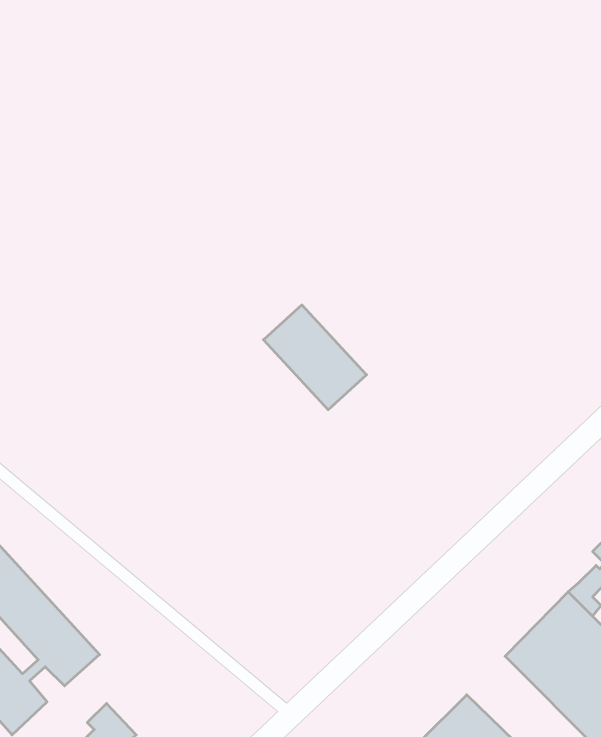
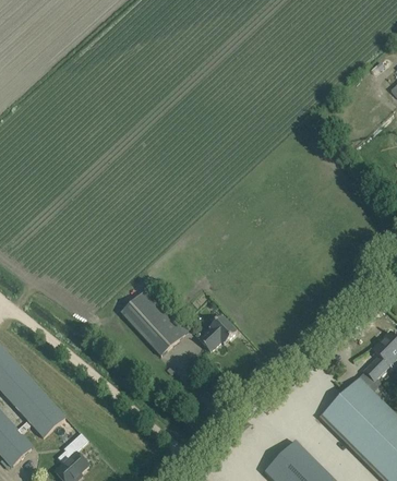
building: [263,305,367,410] -> [120,290,184,356]
building: none -> [197,315,236,351]

